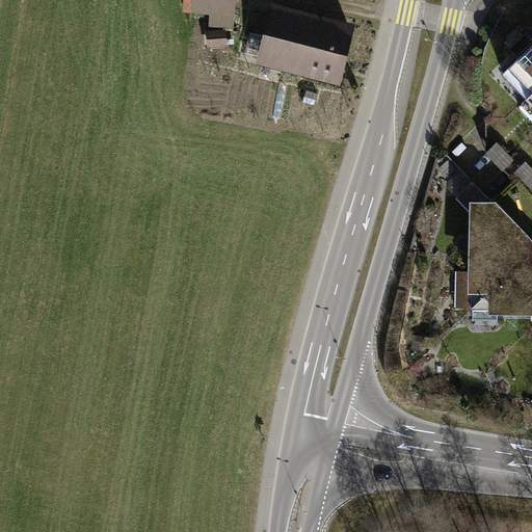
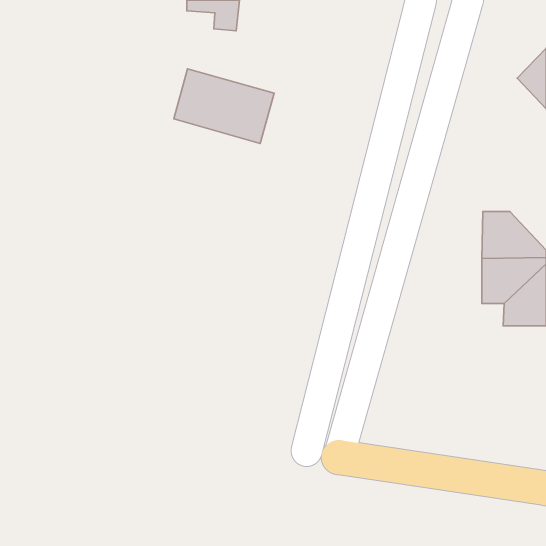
building: [255,7,352,80] -> [174,69,274,144]

